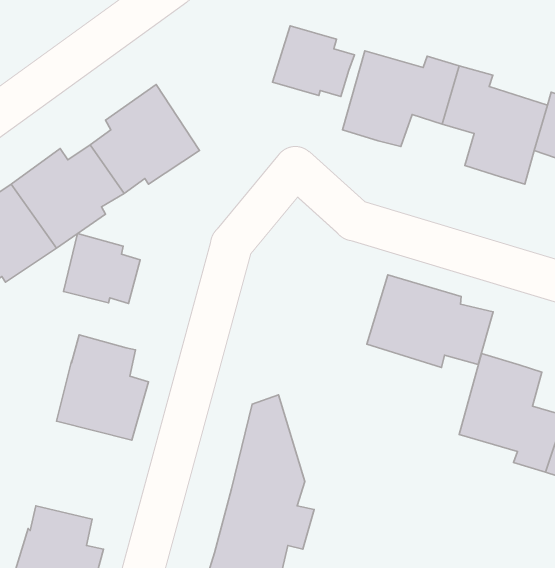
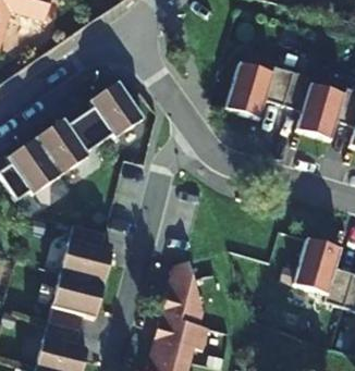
building: [272,26,354,96] -> none
building: [64,233,140,303] -> none
building: [367,275,493,367] -> none
building: none -> [48,276,103,333]

